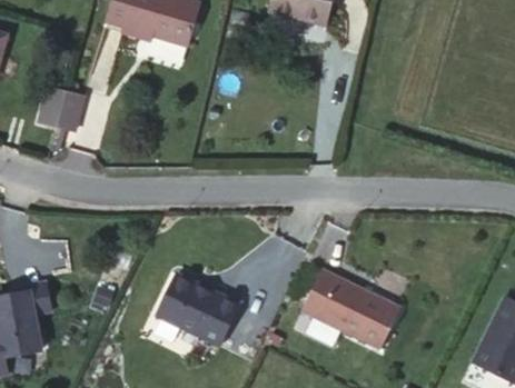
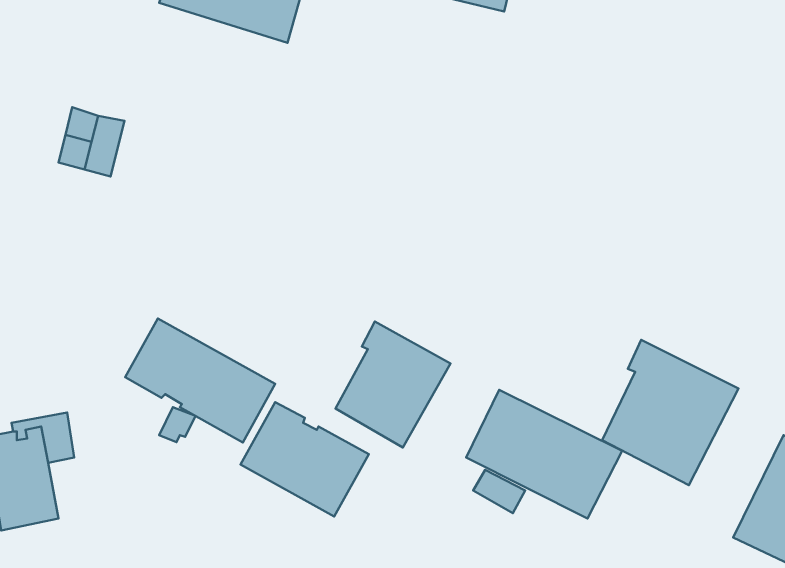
building: none -> [125,319,275,442]
building: none -> [336,321,450,447]
building: none -> [602,340,738,485]

